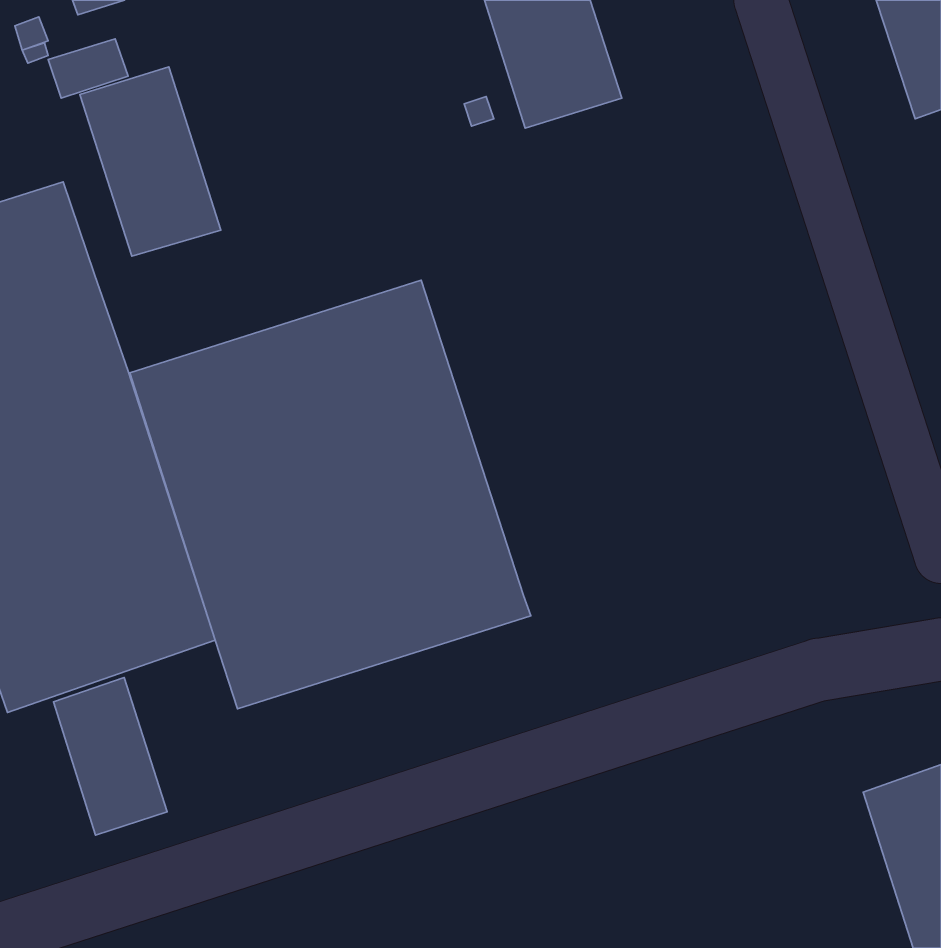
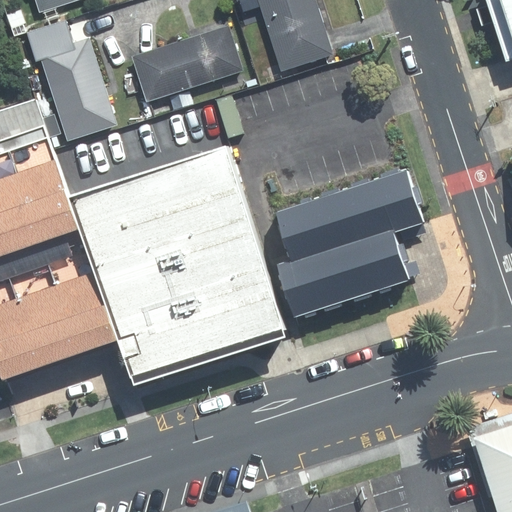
building: none -> [134,25,246,101]
building: none -> [271,168,426,318]
building: [53,677,167,835] -> none

